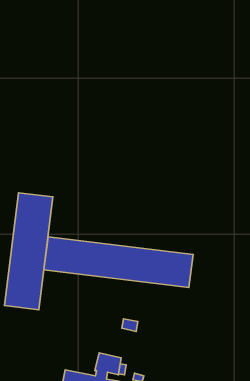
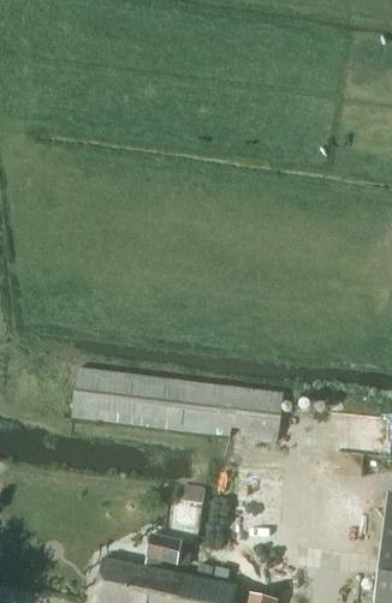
building: [5,193,53,310] -> none

